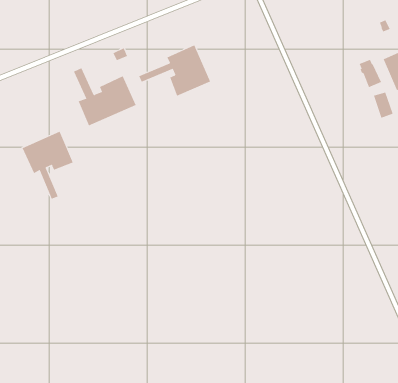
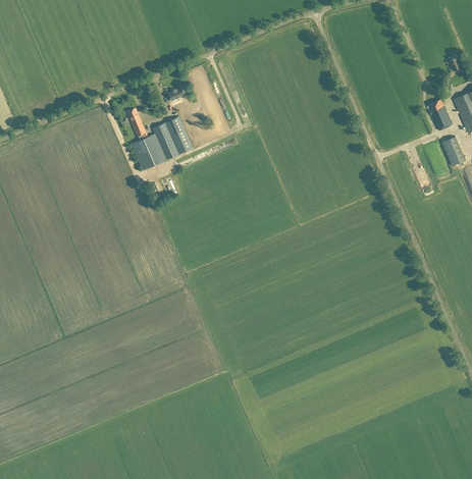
building: [139,45,211,96] -> none
building: [22,131,74,200] -> none

